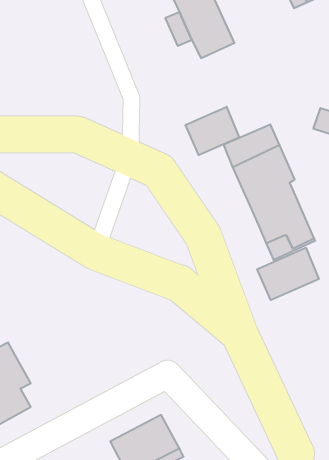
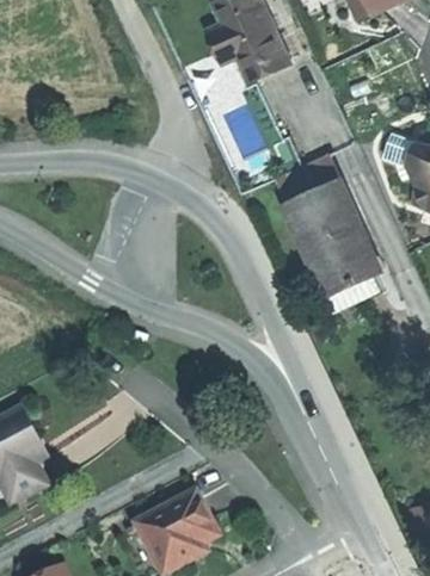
building: [186,107,239,155] -> none
building: [257,248,319,300] -> none

